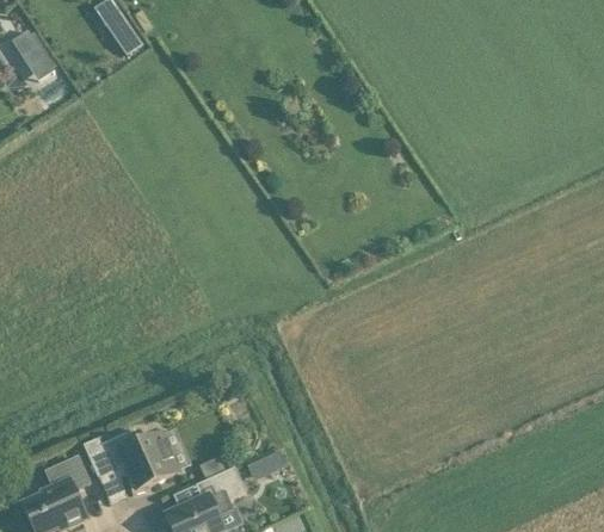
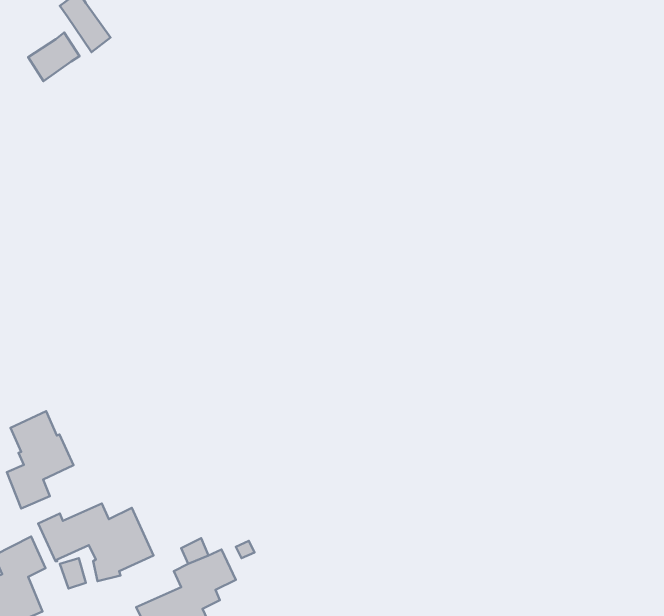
building: none -> [28,32,79,81]
building: none -> [7,411,73,509]

